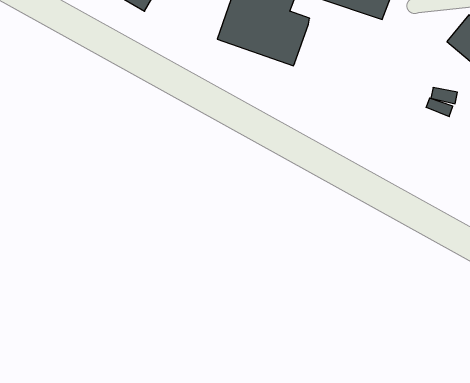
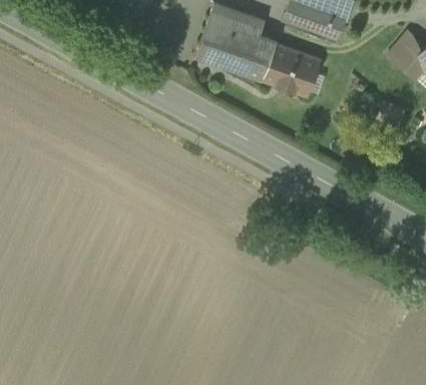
building: none -> [263,44,319,94]

